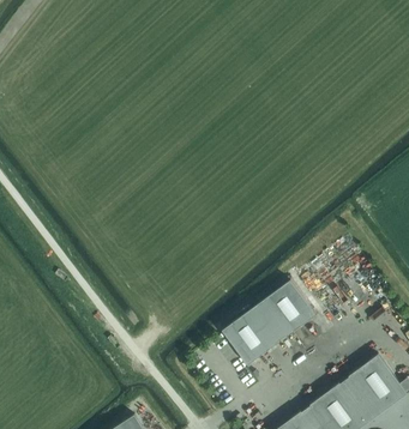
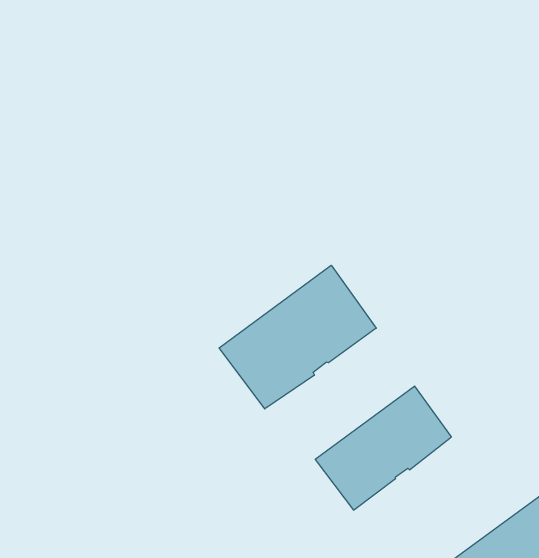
building: none -> [219,265,376,409]

